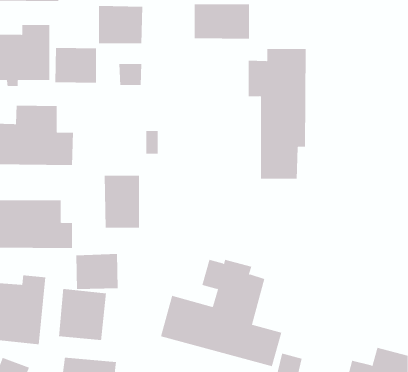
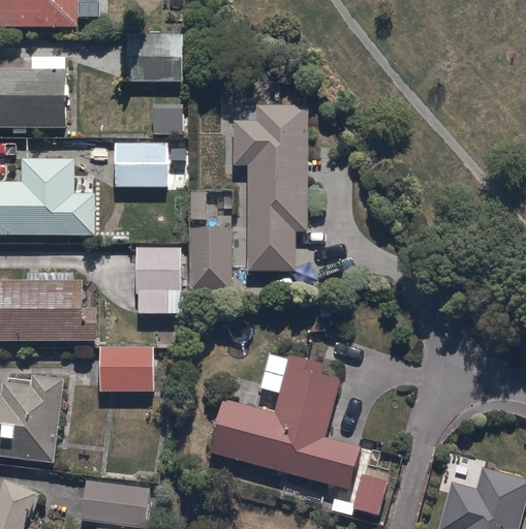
building: [194,4,250,40] -> none
building: [54,47,97,83] -> [115,142,168,187]
building: [248,49,307,179] -> [231,105,306,271]
building: none -> [187,226,231,290]
building: [58,288,107,341] -> none

